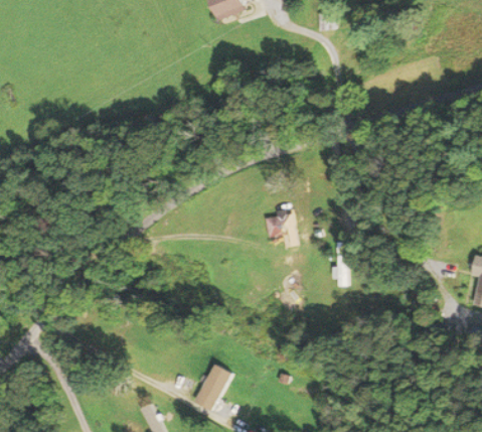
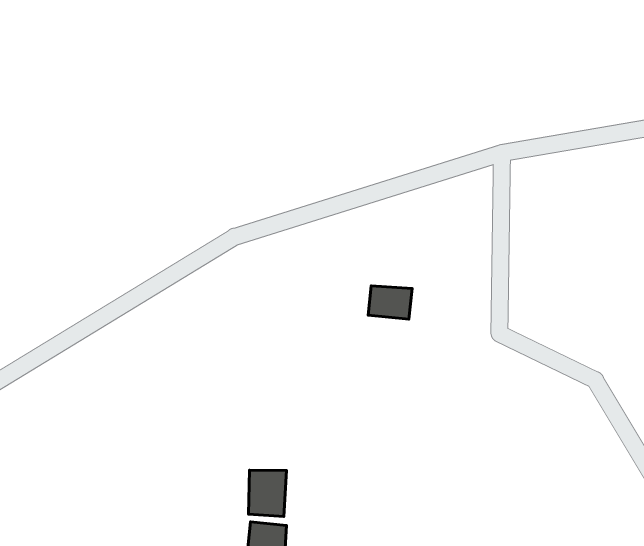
building: none -> [248,470,287,517]

